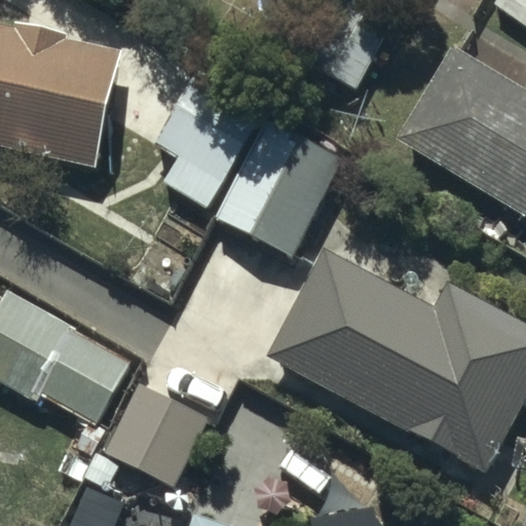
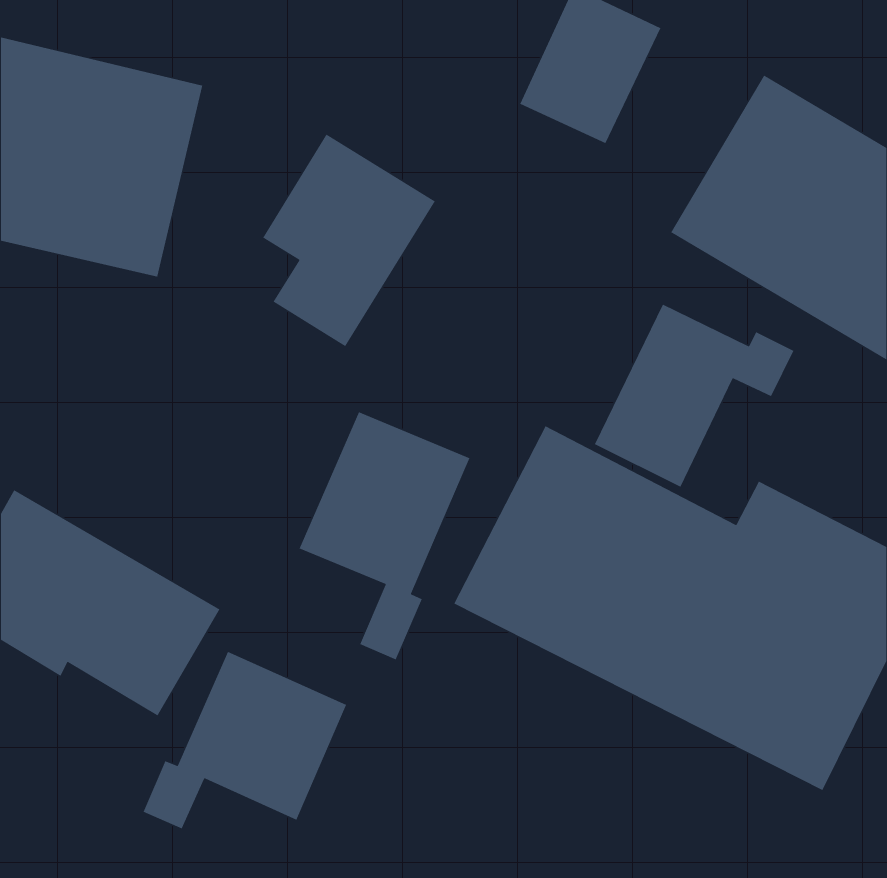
building: [217,120,339,251] -> none
building: none -> [594,303,795,488]
building: none -> [298,411,470,661]

